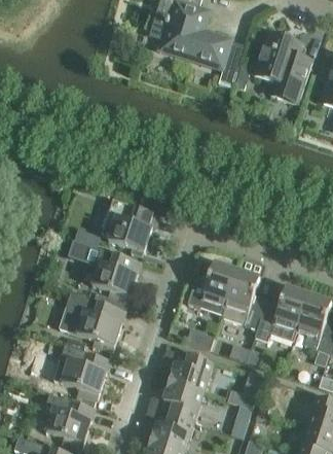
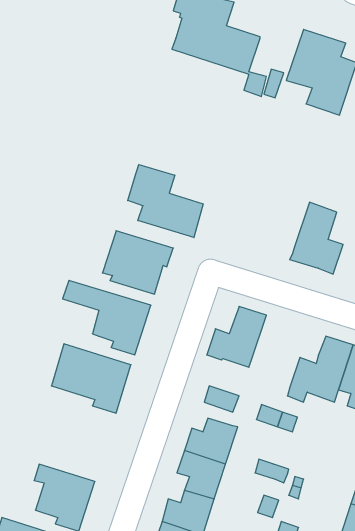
building: none -> [128,165,203,238]
building: [220,269,264,328] -> [290,202,343,274]
building: [52,344,110,399] -> none

